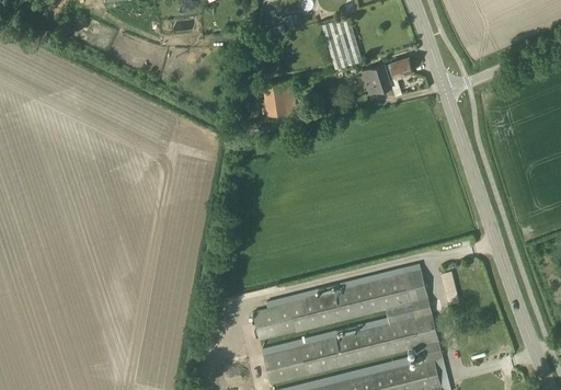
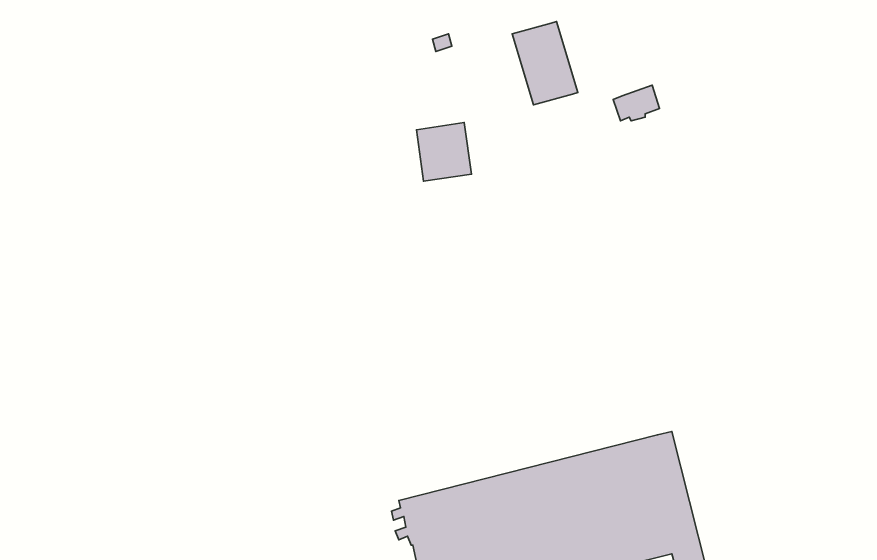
building: [362,62,392,93] -> none

